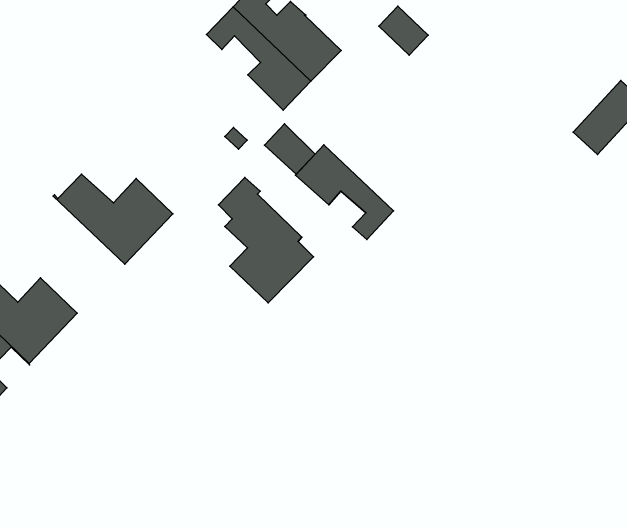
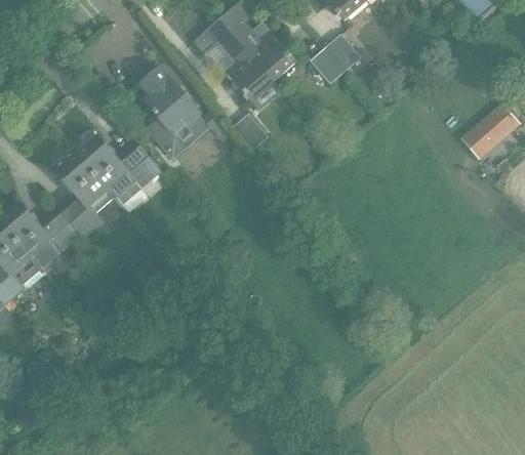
building: none -> [311,47,347,84]
building: [295,145,394,240] -> none
building: [219,177,313,303] -> [140,66,207,160]
building: none -> [53,150,121,238]

